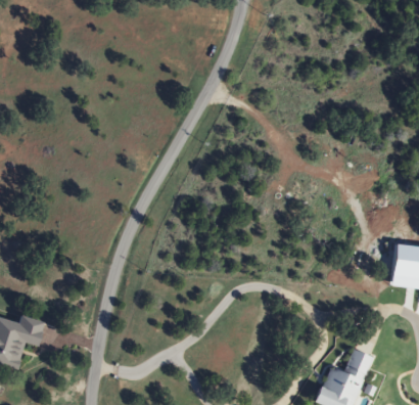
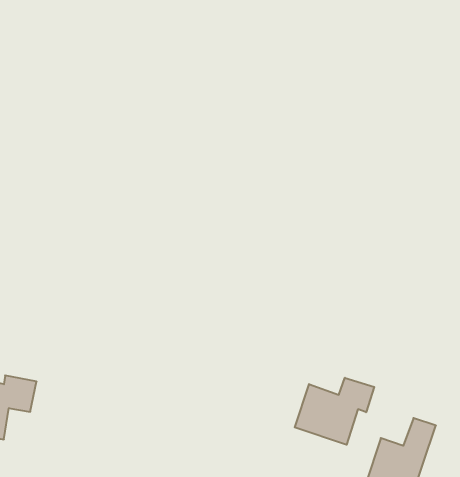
building: none -> [295,378,374,445]

